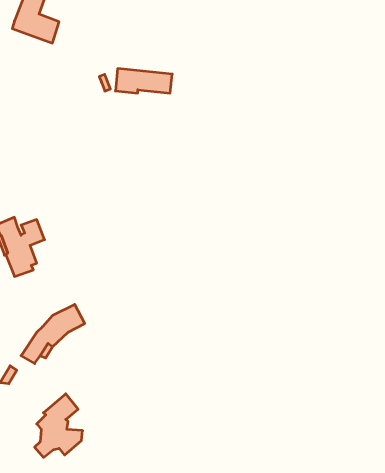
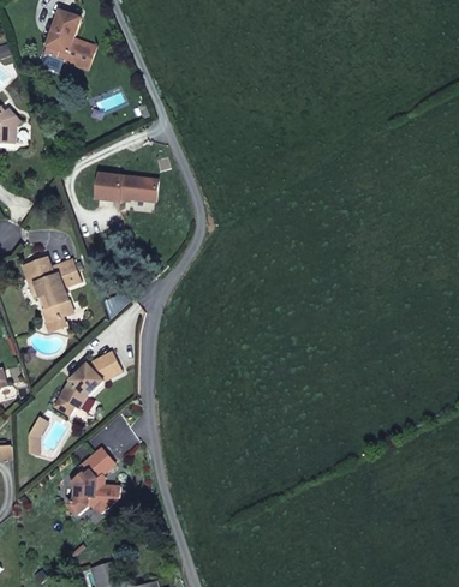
building: [115,69,172,93] -> [96,174,157,200]

